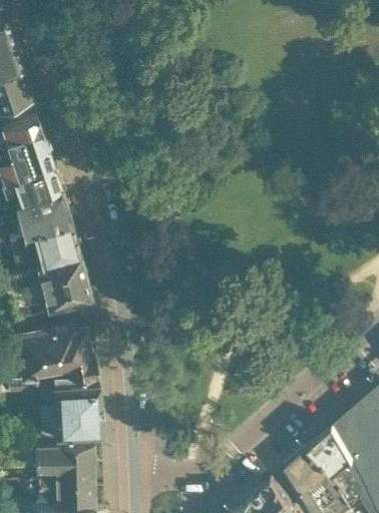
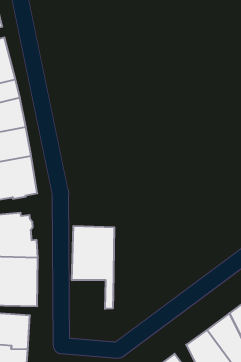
building: none -> [72,226,114,309]

